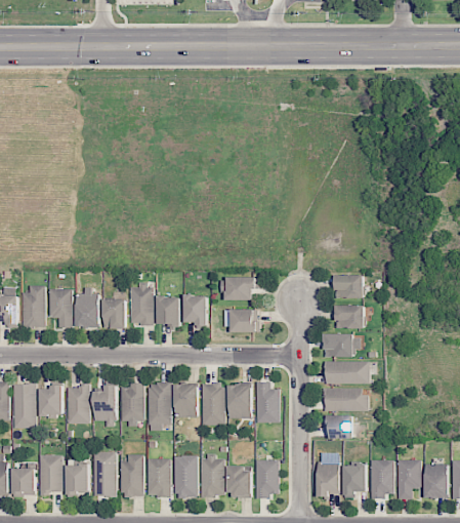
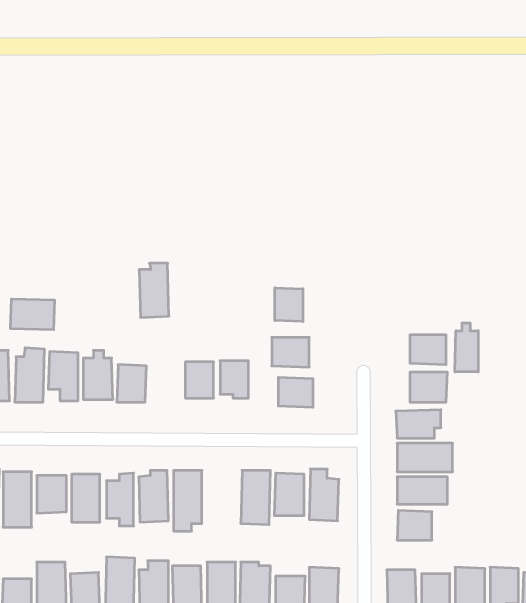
building: none -> [275,288,303,322]
building: none -> [11,299,54,330]
building: none -> [455,323,478,372]
building: [129,282,153,325] -> [139,263,169,317]
building: [173,385,198,417] -> none

